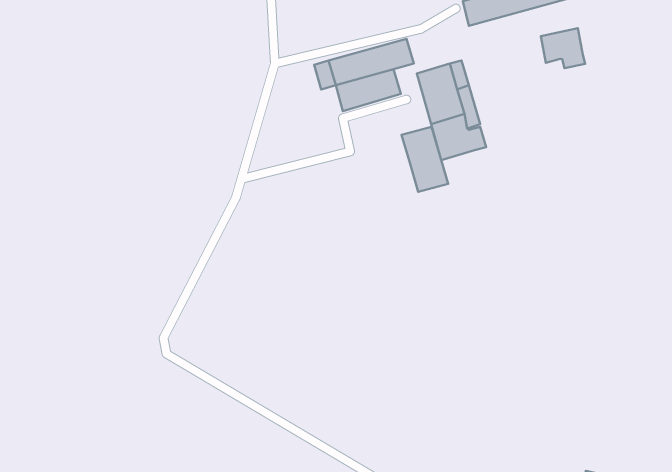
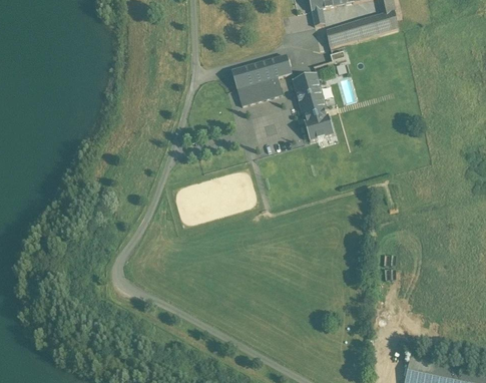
building: [541,28,585,68] -> none
building: [402,127,448,192] -> none

